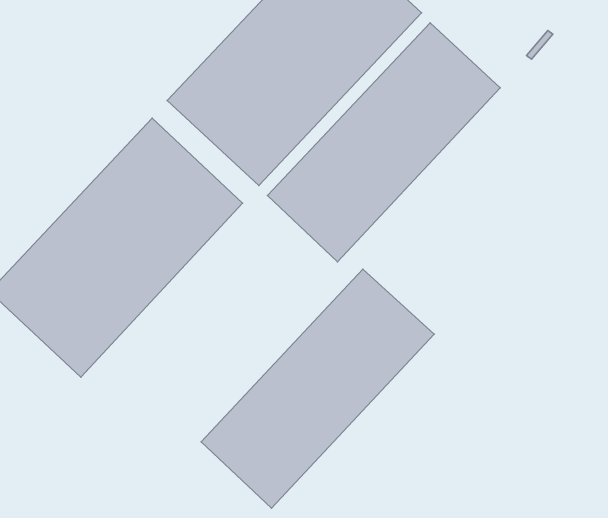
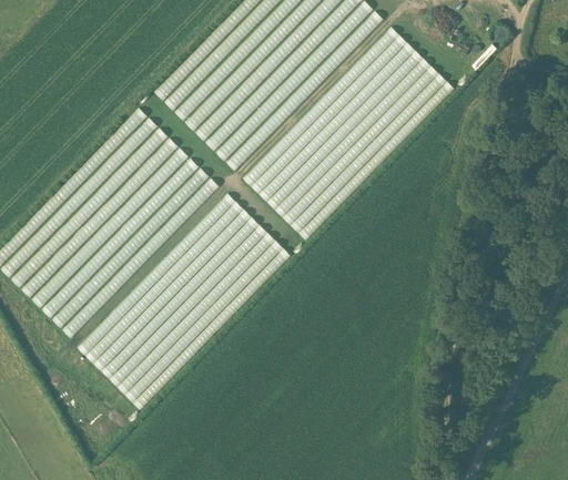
building: [201,269,434,508] -> [83,193,290,405]

